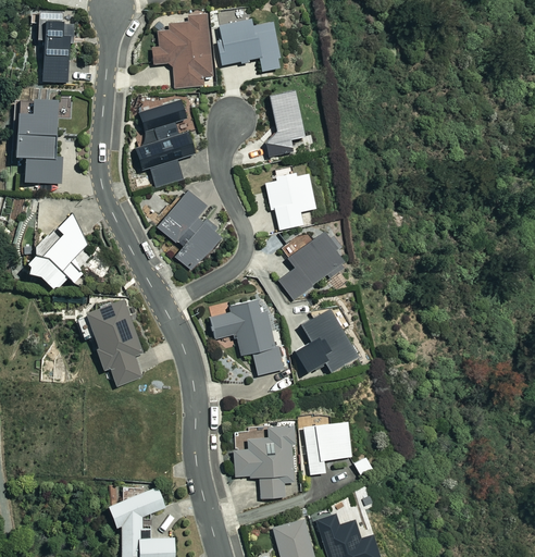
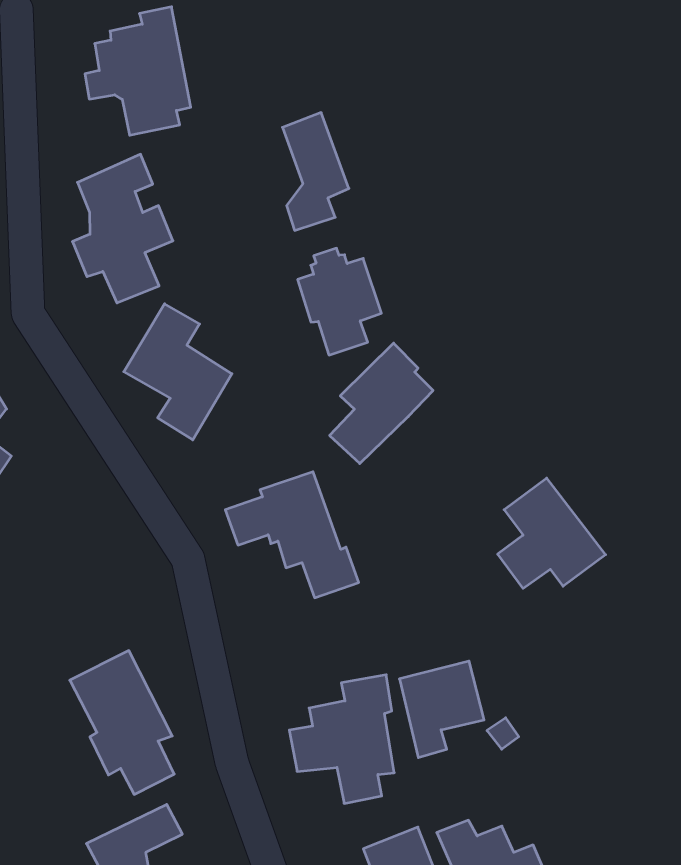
building: [219,20,281,72] -> none
building: [86,300,144,386] -> [70,651,174,794]
building: [291,305,356,370] -> [498,478,606,588]

